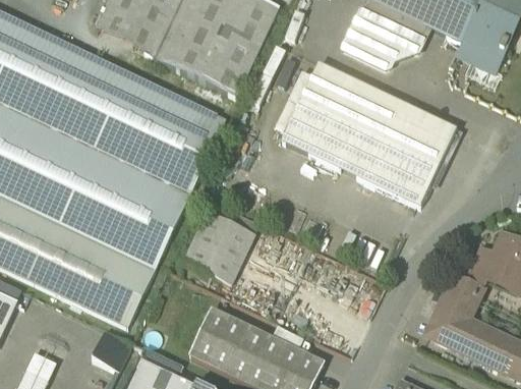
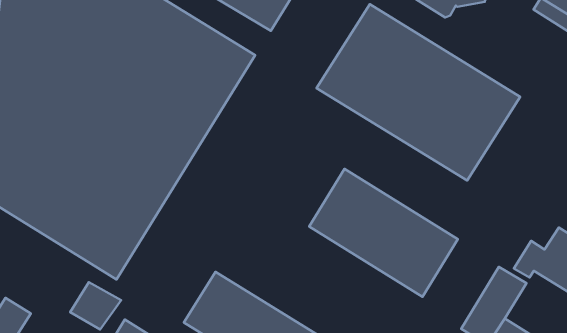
building: none -> [309,169,458,297]
building: [183,211,254,284] -> none

